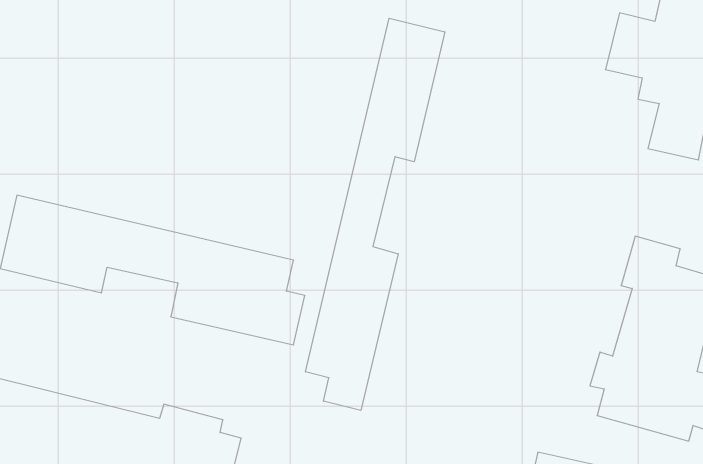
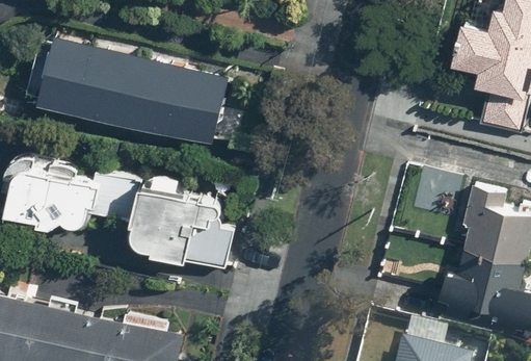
building: [306,18,445,410] -> none
building: none -> [37,38,229,147]

